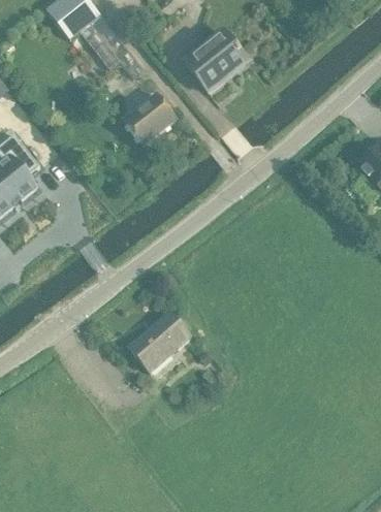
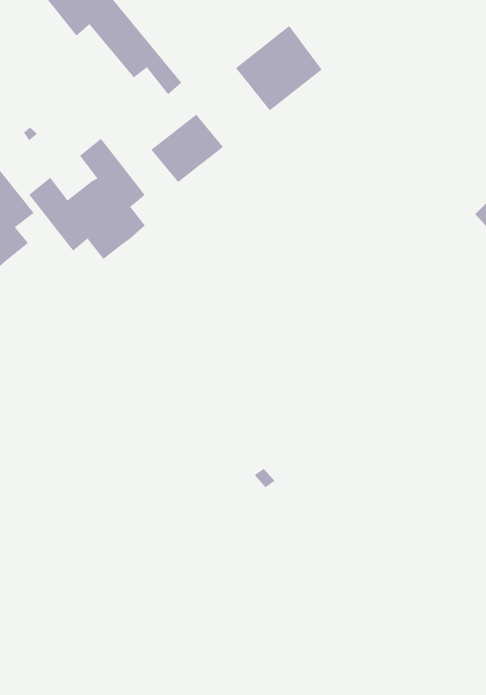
building: none -> [28,138,146,260]
building: [127,311,190,371] -> none

